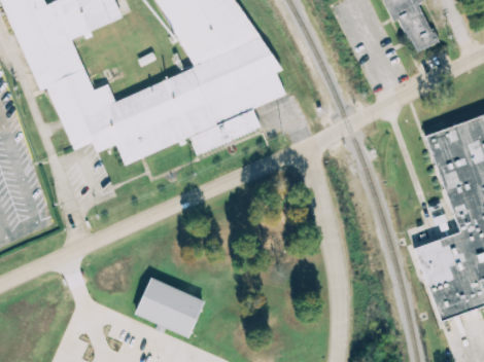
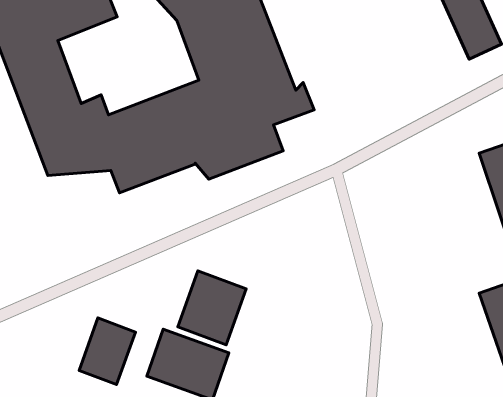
building: none -> [178,271,246,345]
building: none -> [79,318,135,385]

